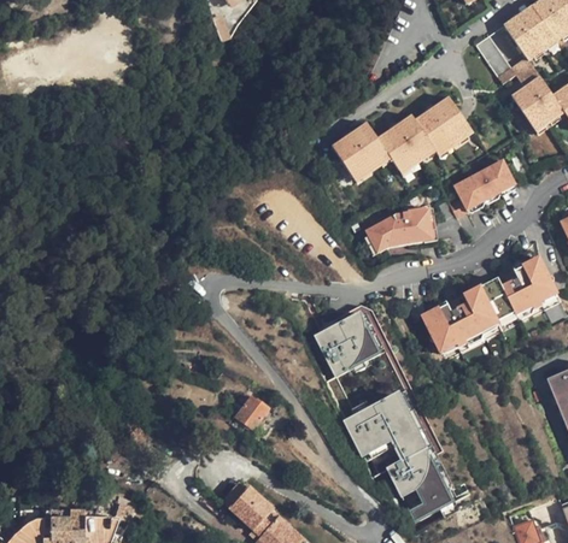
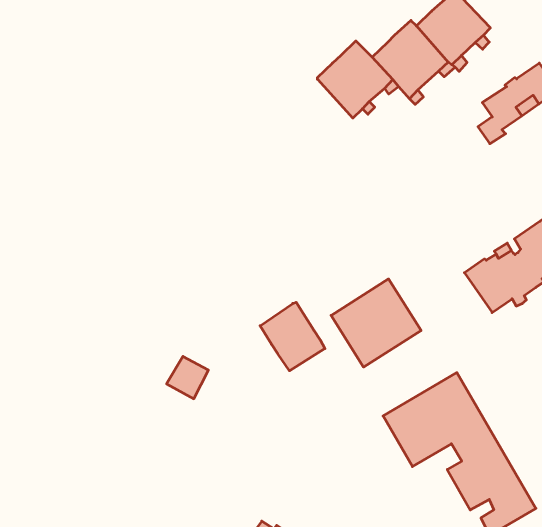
building: [368,209,437,248] -> none
building: none -> [260,302,325,371]
building: [234,396,268,430] -> [167,356,208,399]

